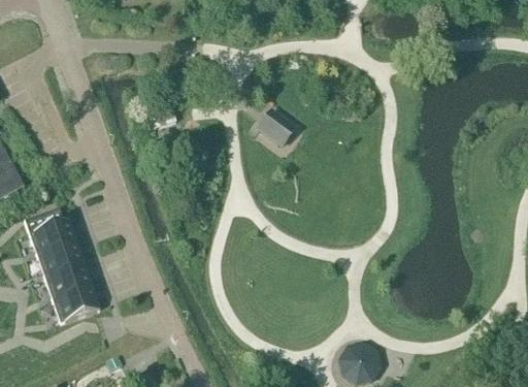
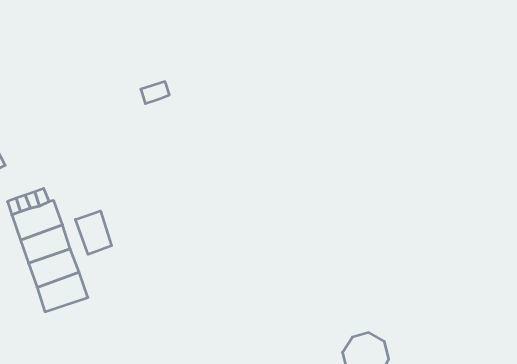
building: [258,111,294,146] -> none
building: none -> [75,211,112,254]

